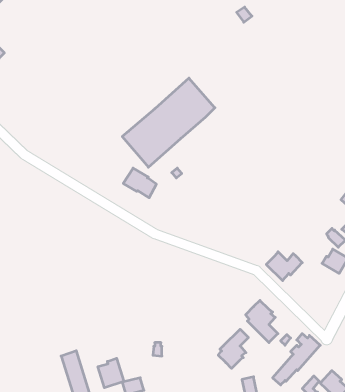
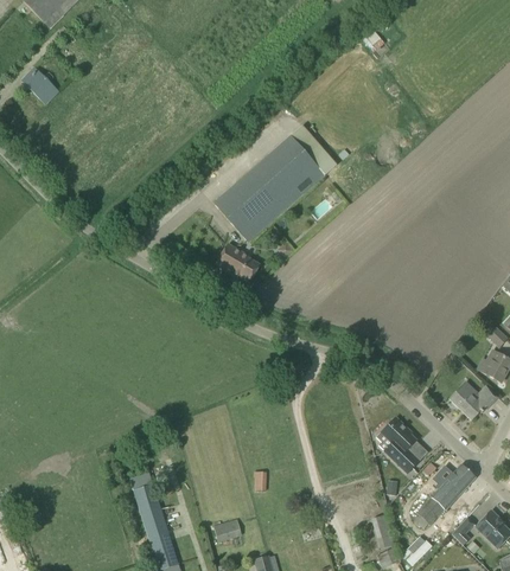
building: [266,252,302,281] -> [450,381,497,419]
building: [218,329,248,368] -> none
building: [98,358,124,388] -> none

